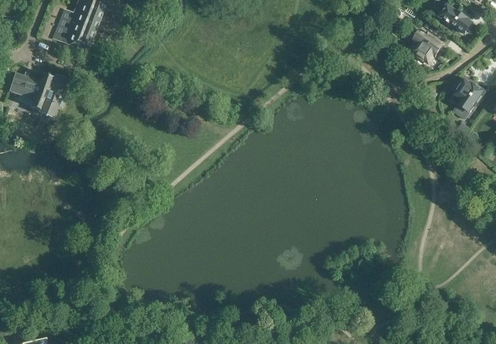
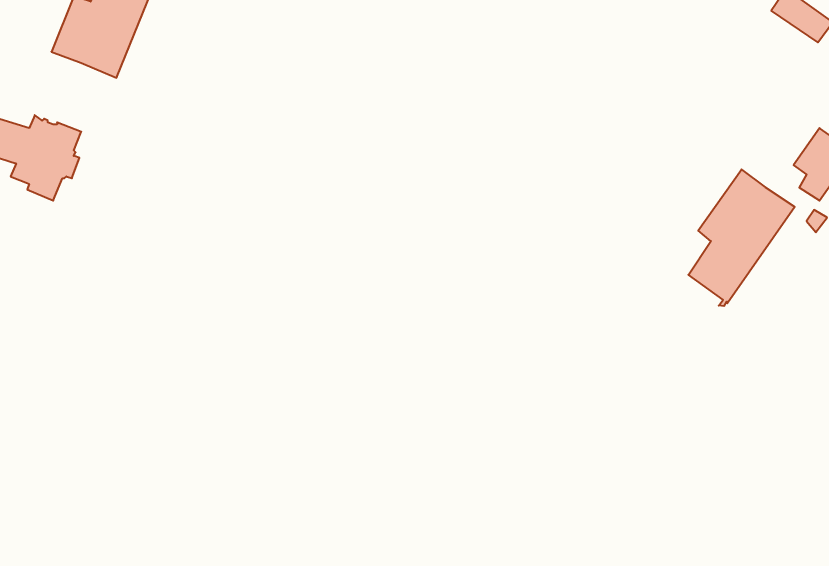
building: [413,28,443,62] -> none
building: none -> [688,169,795,306]

